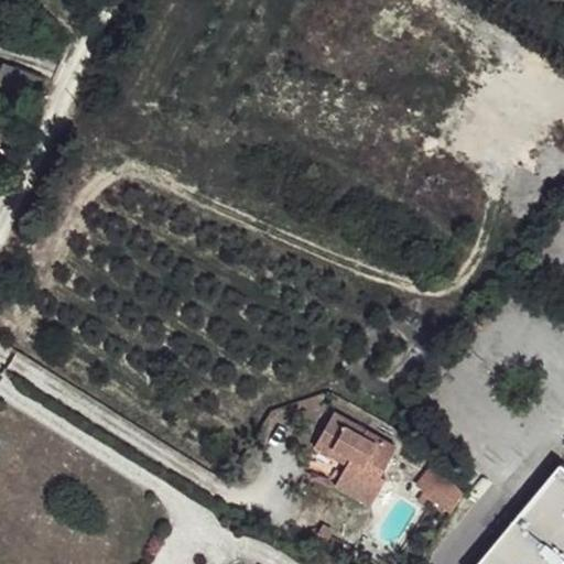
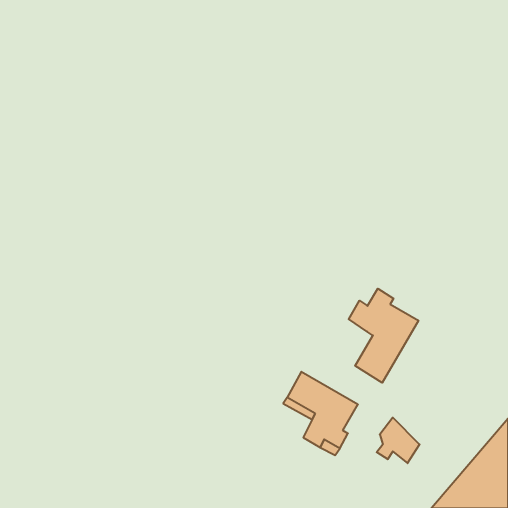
building: none -> [349,289,418,383]

